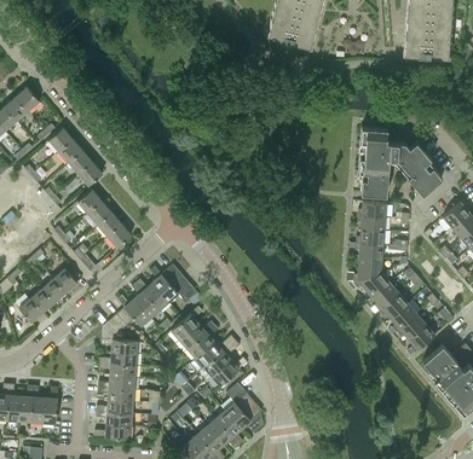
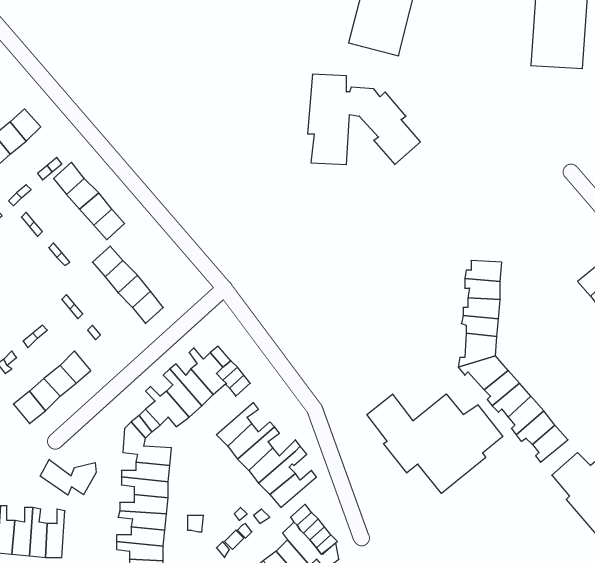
building: [357,127,442,194] -> [308,74,420,165]
building: none -> [367,394,503,493]
building: none -> [40,459,96,495]

